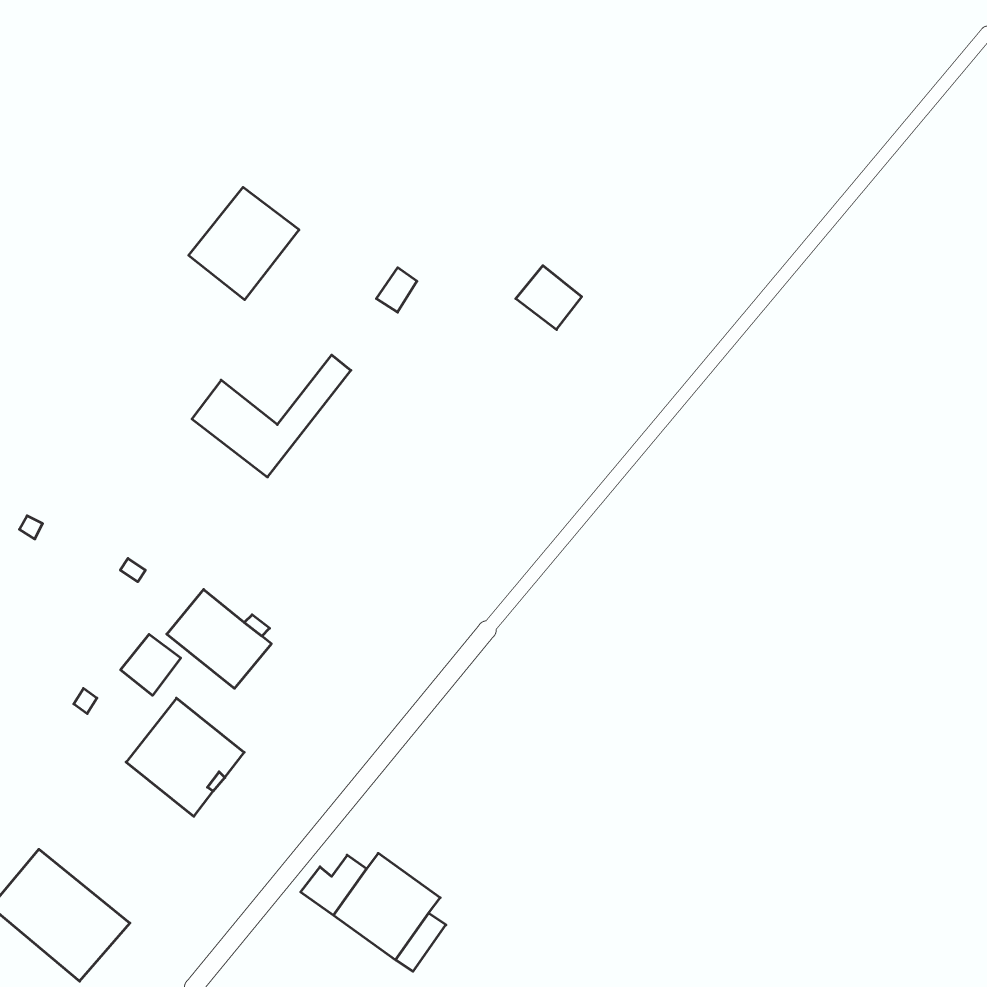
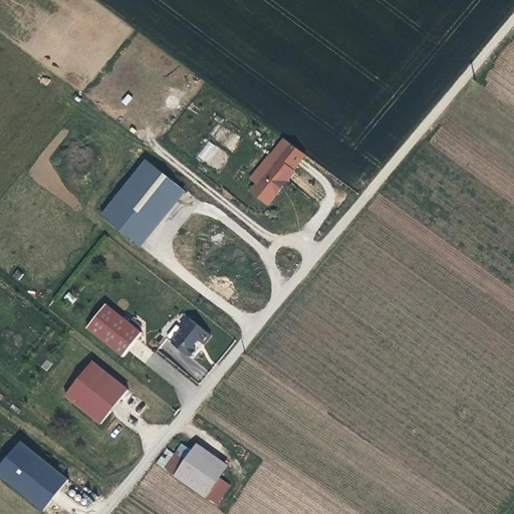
building: [189,187,299,300] -> [114,162,172,220]
building: none -> [243,155,289,203]
building: none -> [171,315,207,356]
building: [121,634,181,695] -> none

